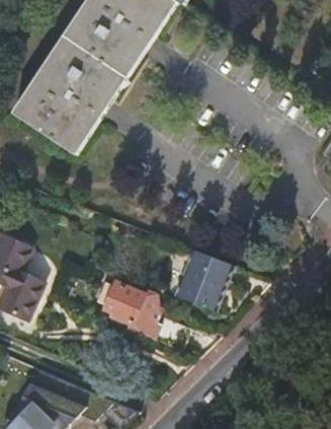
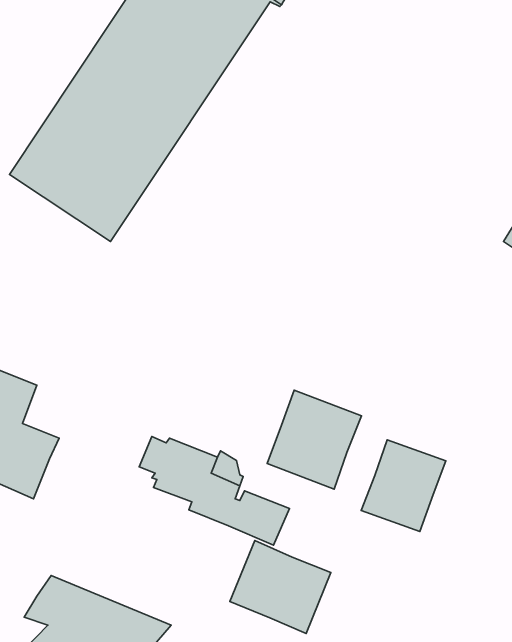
building: none -> [361,440,446,531]
building: none -> [230,541,331,633]

